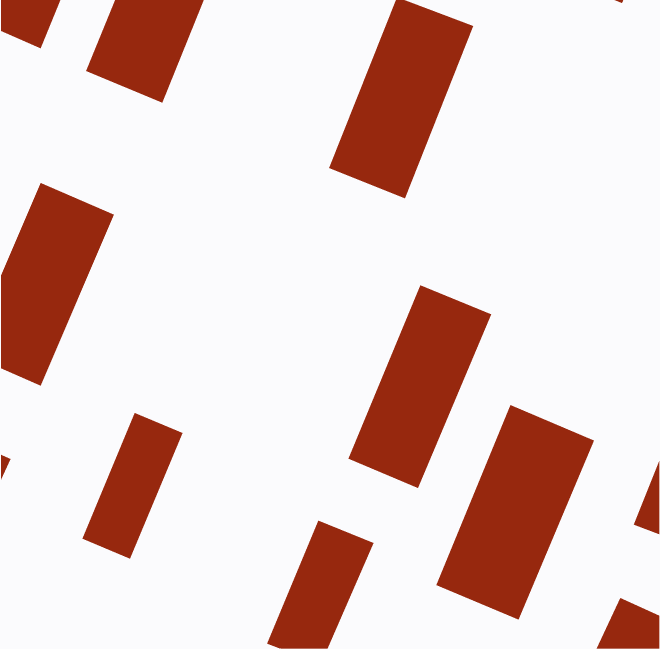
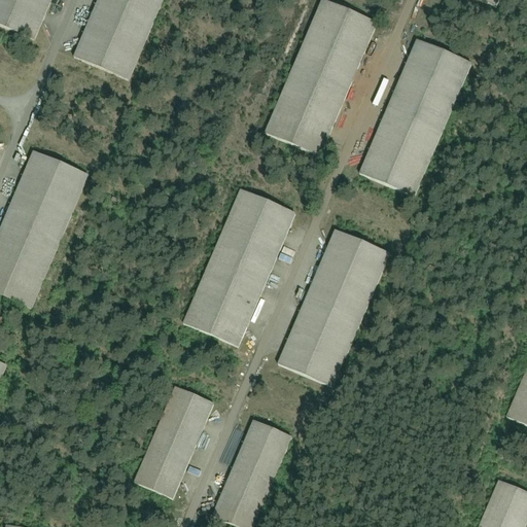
building: none -> [356,37,473,200]
building: none -> [181,185,296,344]
building: [435,404,595,620] -> none
building: [81,412,183,559] -> [135,384,216,501]

